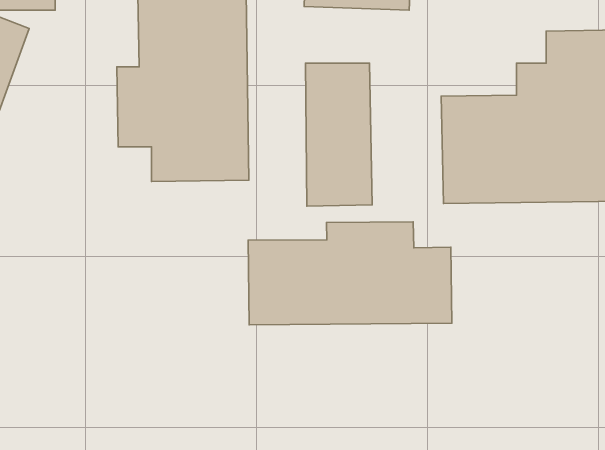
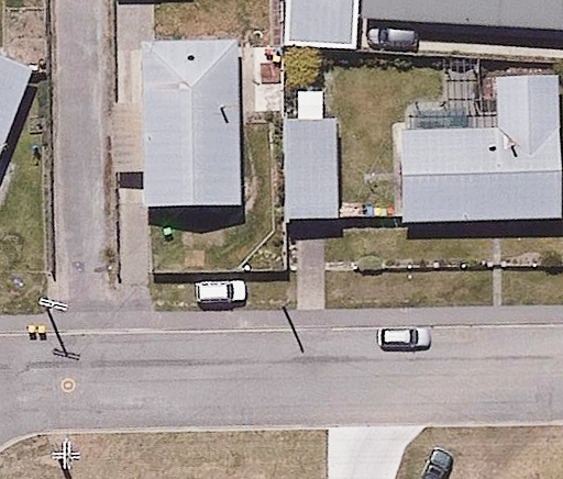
building: [248,222,452,325] -> none

